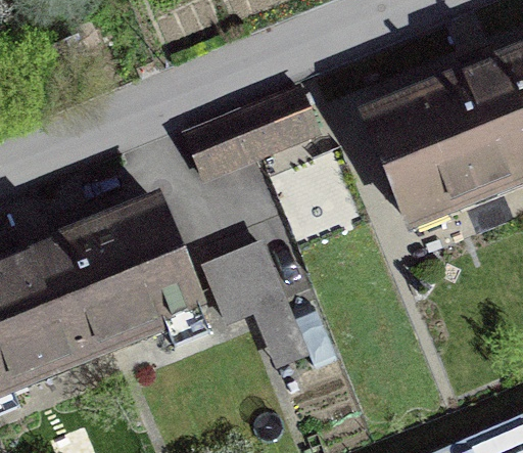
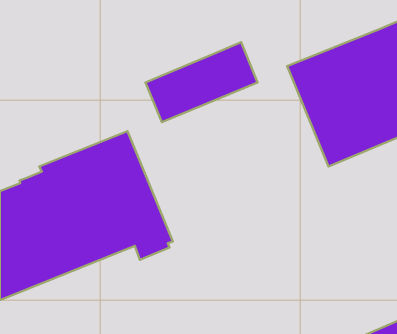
building: [201,238,310,368] -> none

